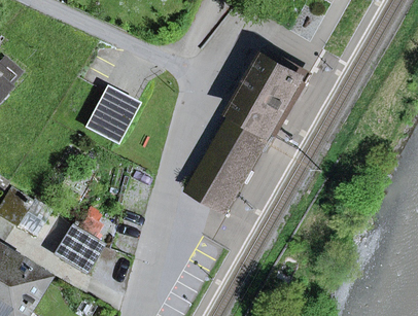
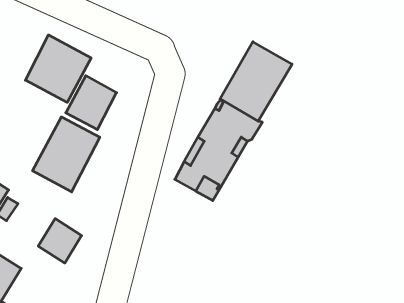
building: none -> [25,35,91,102]
building: none -> [33,117,100,192]

